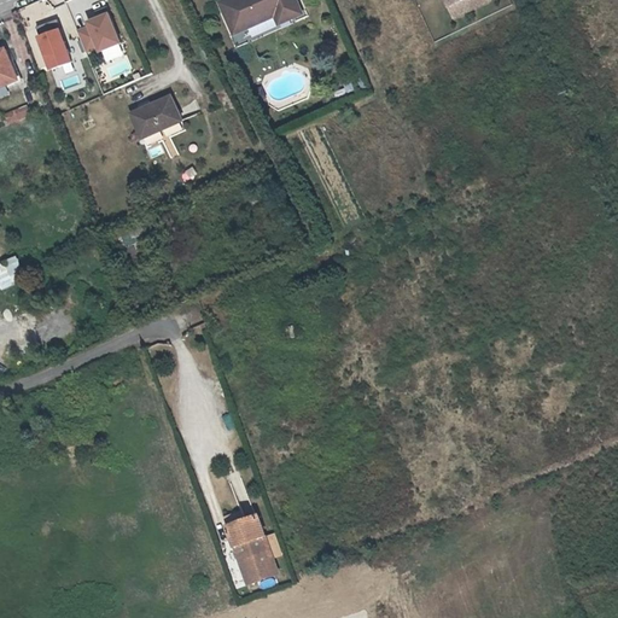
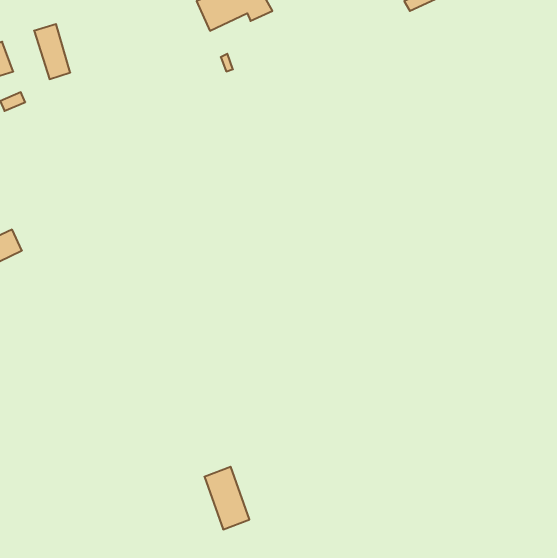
building: [74,11,121,54] -> none
building: [132,95,176,134] -> none

